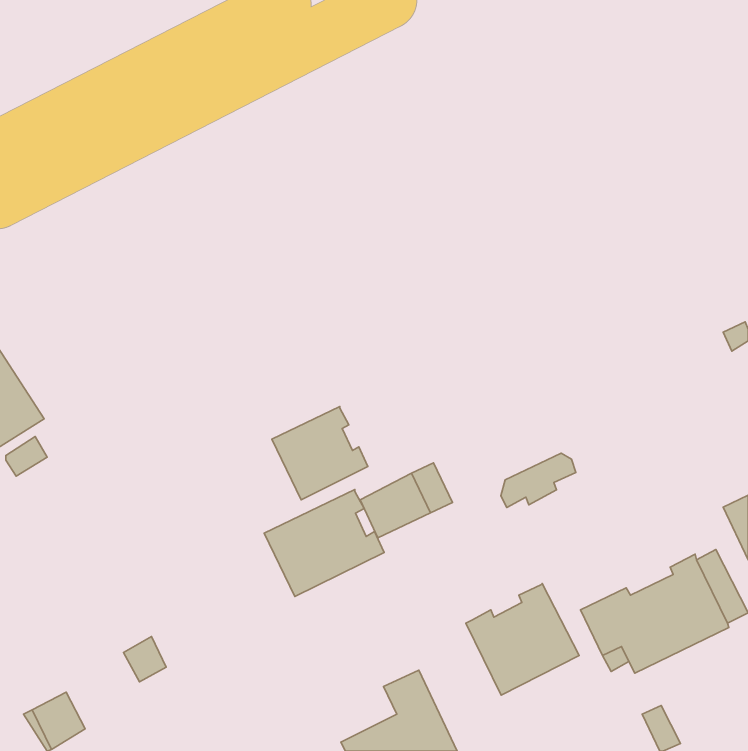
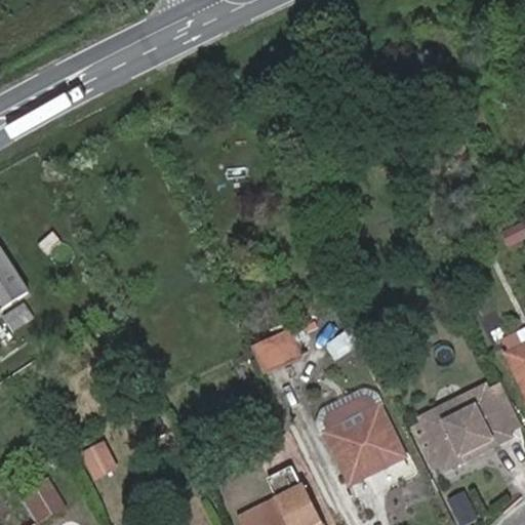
building: [272,407,368,500] -> none
building: [501,453,576,508] -> [325,395,377,433]
building: [264,490,384,596] -> none

